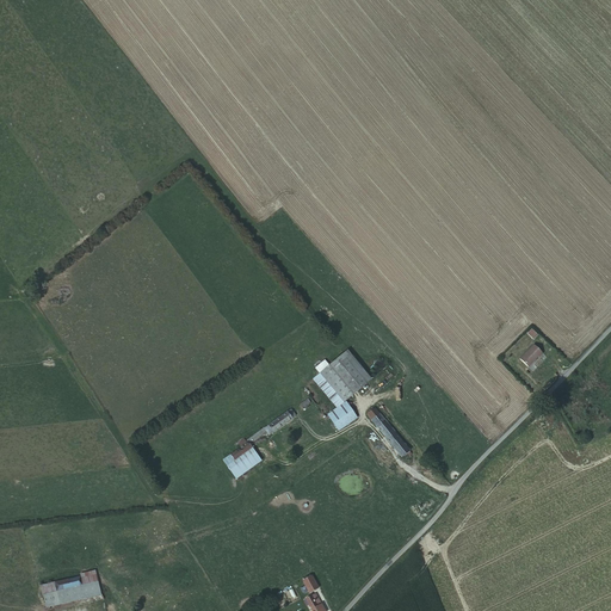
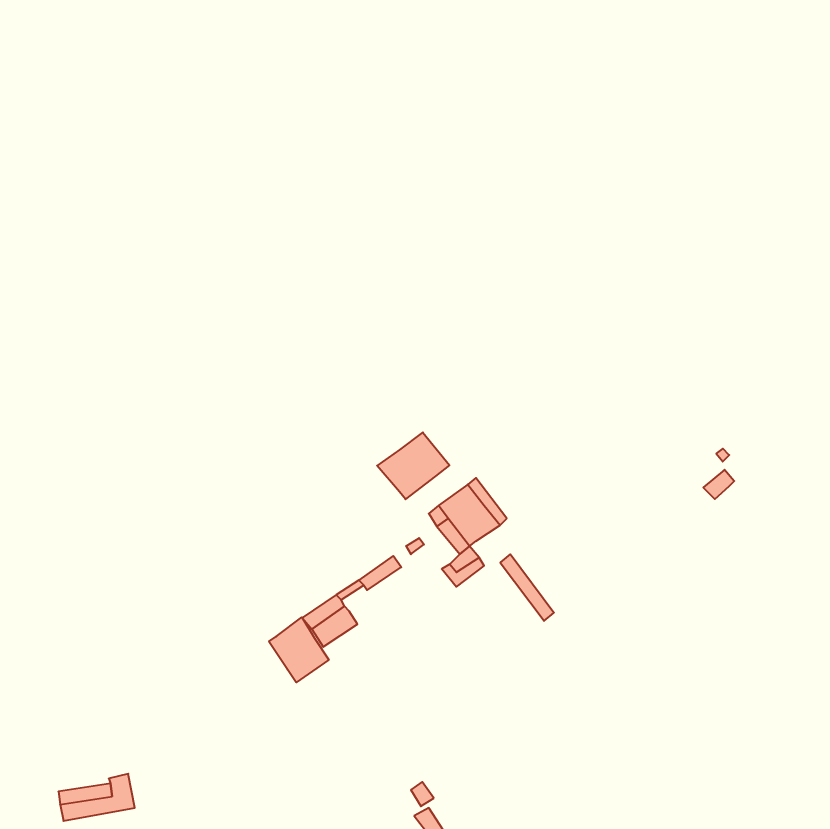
building: none -> [377,432,449,499]
building: none -> [269,617,329,682]

